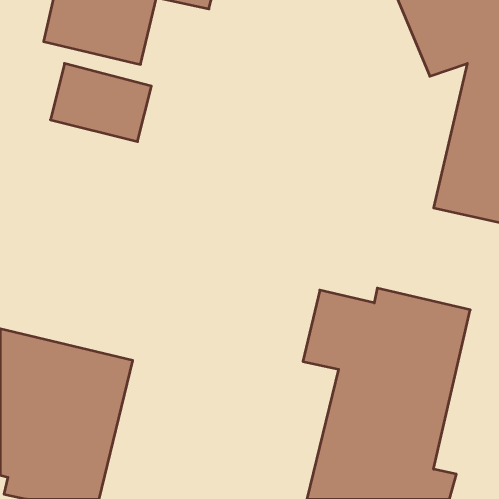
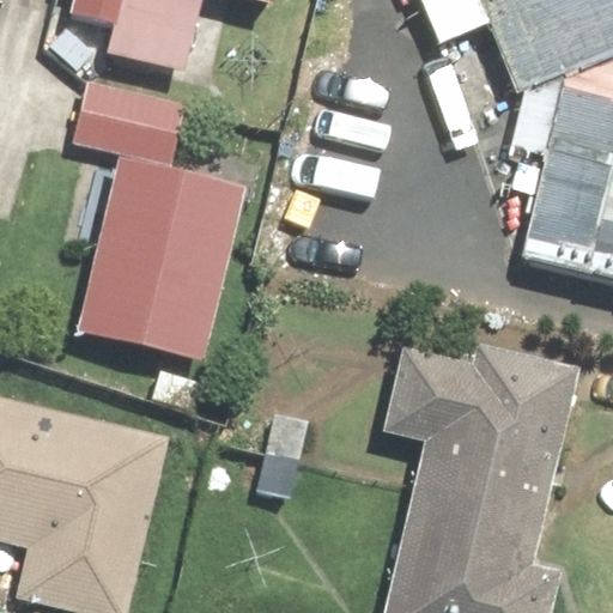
building: none -> [73,171,241,370]

